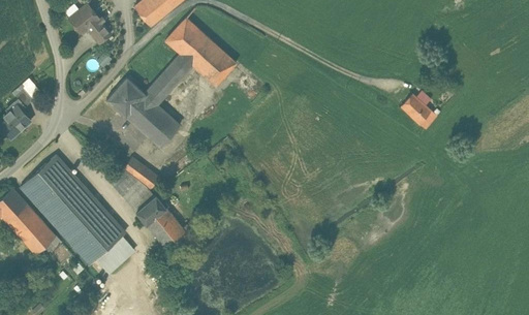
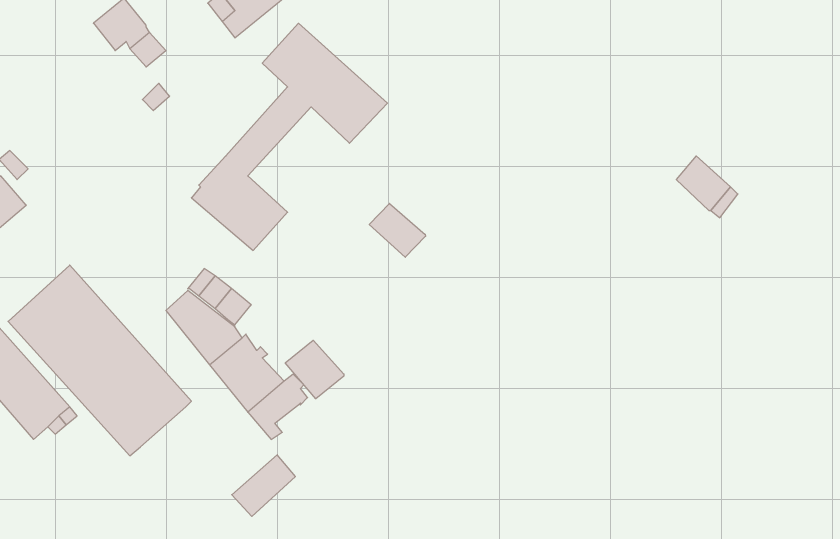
building: [106,77,145,117] -> none
building: none -> [369,203,426,257]
building: none -> [285,340,344,399]
building: [96,235,132,271] -> [232,455,295,516]

